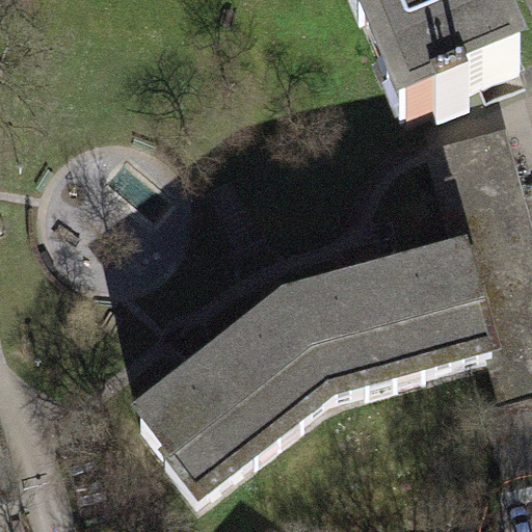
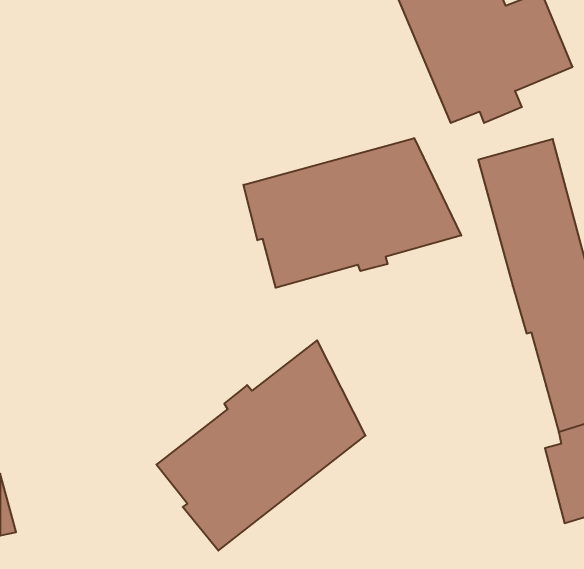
building: none -> [243,138,461,288]
building: [290,259,497,394] -> none

